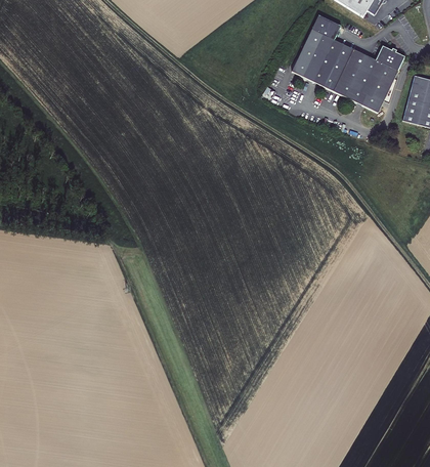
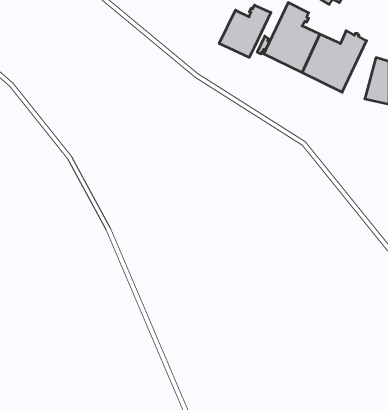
building: none -> [219,5,271,57]

